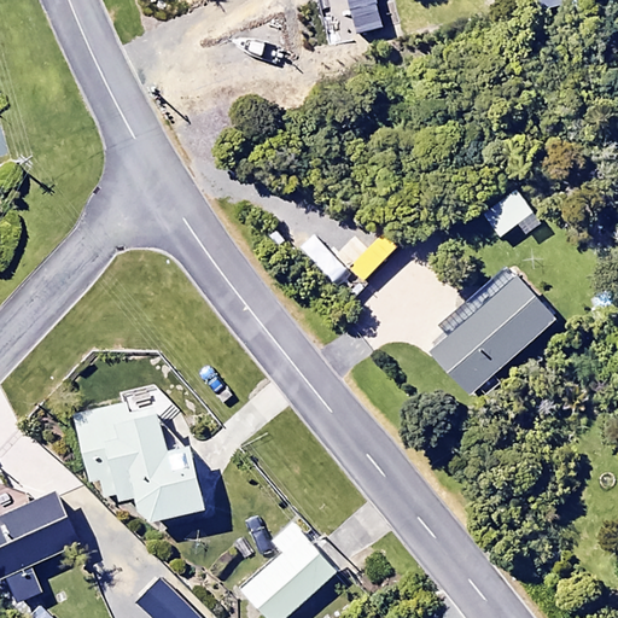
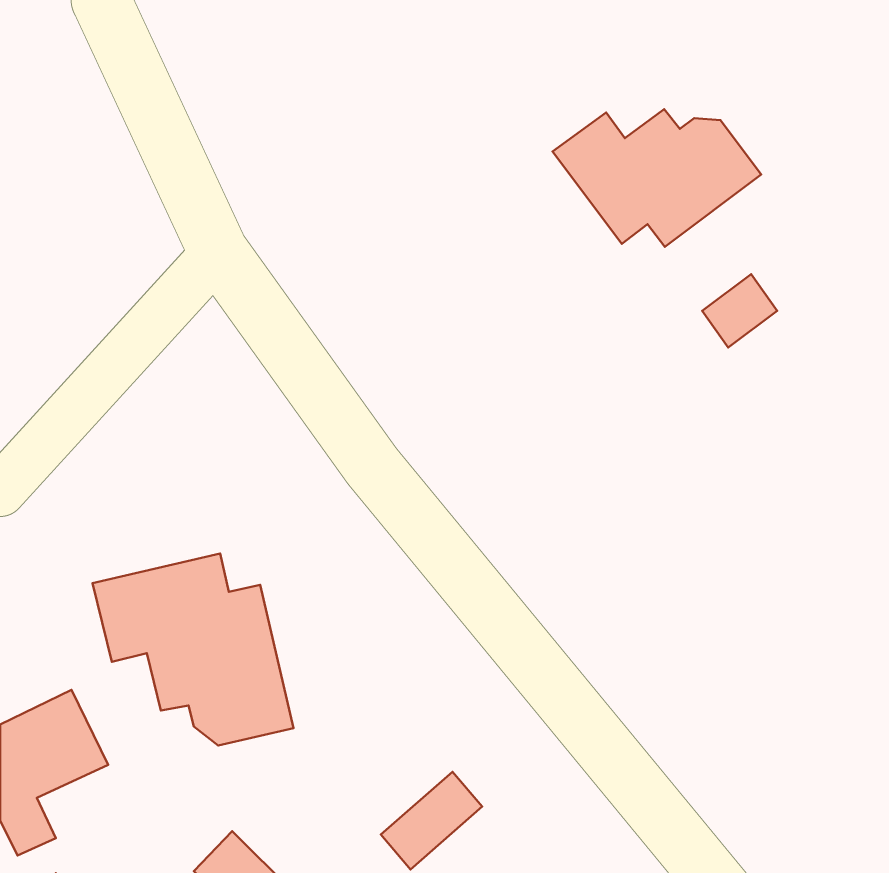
building: none -> [553,109,761,247]
building: [430,261,559,397] -> none

